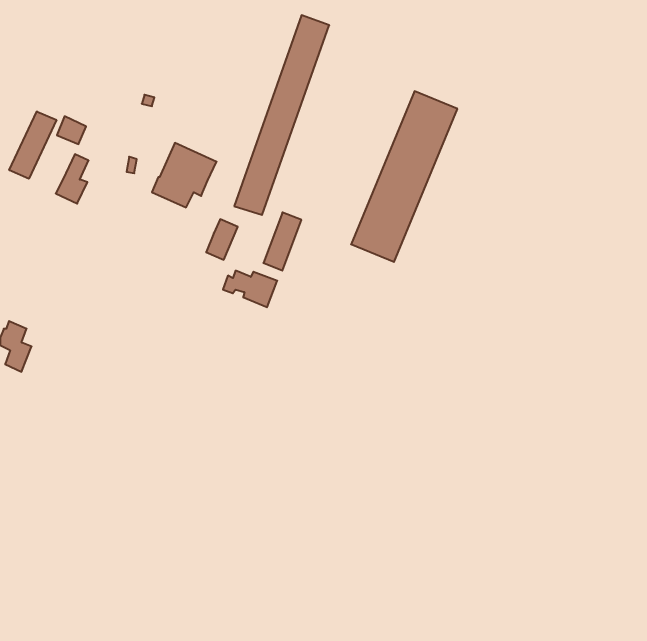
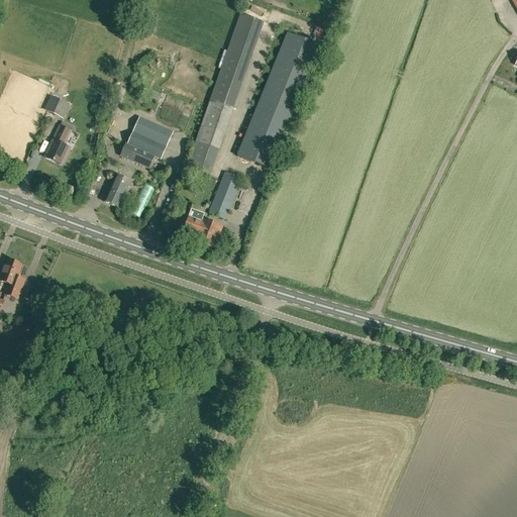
building: [351,91,457,262] -> [236,31,321,168]
building: [9,111,56,179] -> none
building: [206,219,238,260] -> [104,173,129,205]

